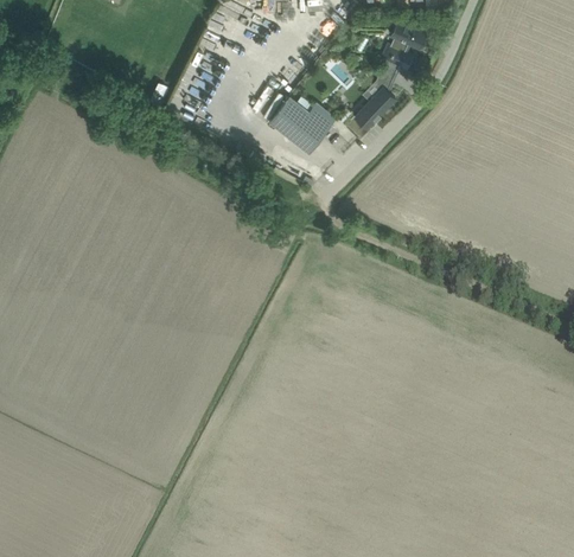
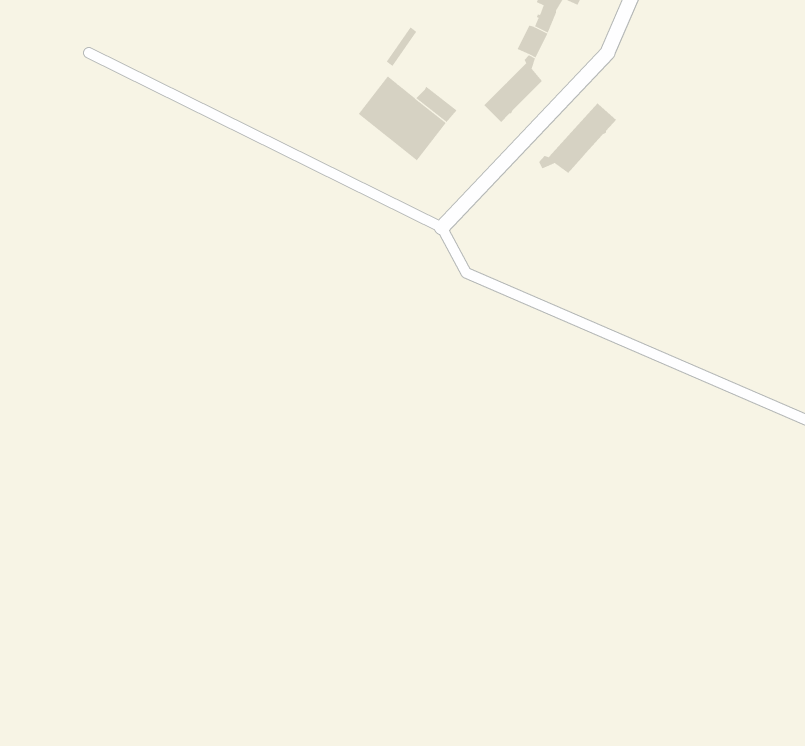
building: none -> [539,103,617,174]

